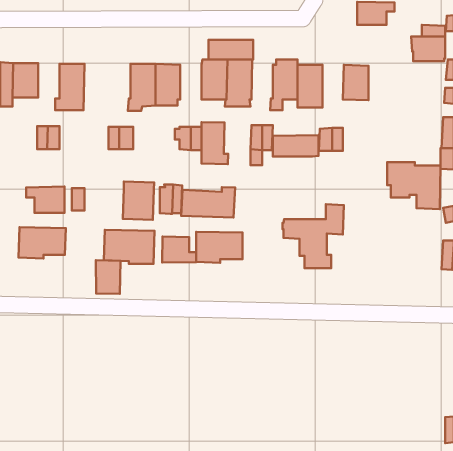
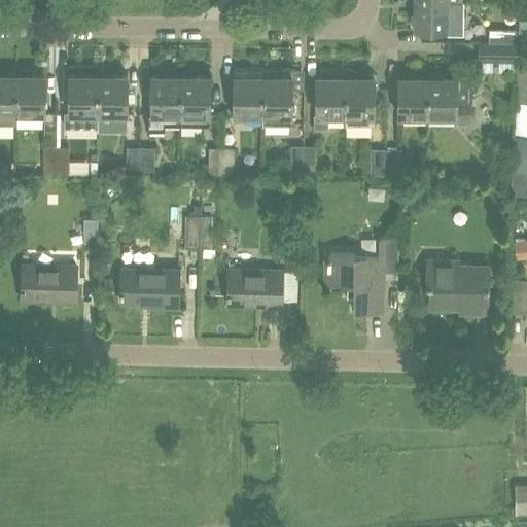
building: [208,40,253,59] -> none
building: none -> [98,77,128,134]
building: none -> [428,79,472,127]
building: [202,122,228,164] -> none
building: [273,135,318,157] -> none
building: [387,162,441,209] -> [427,261,489,316]
building: [123,182,154,220] -> none
building: [26,187,64,213] -> none
building: [181,187,235,217] -> none
building: [162,237,196,262] -> none
building: [96,260,120,294] -> none

